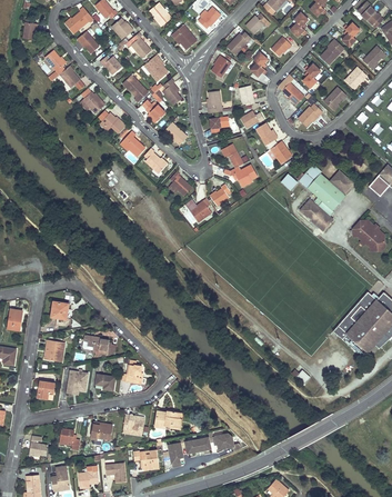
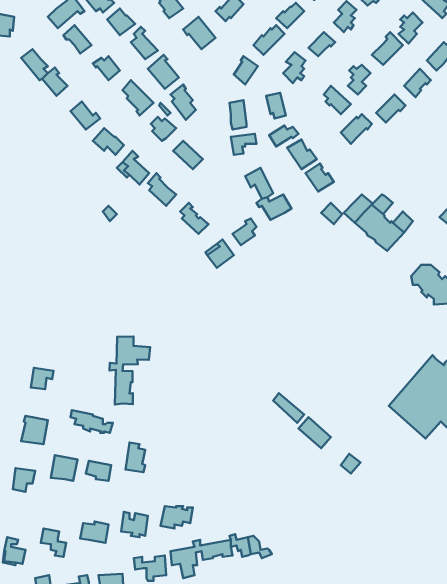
building: [300,198,333,230] -> none
building: none -> [109,337,150,405]

